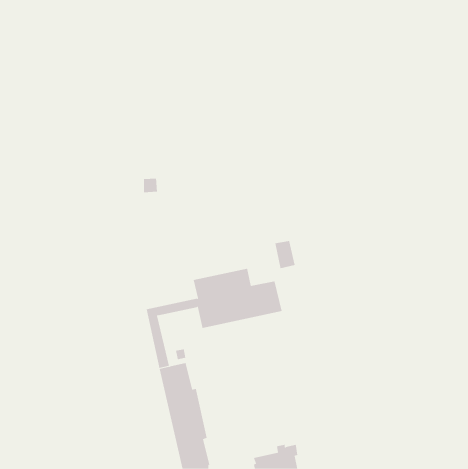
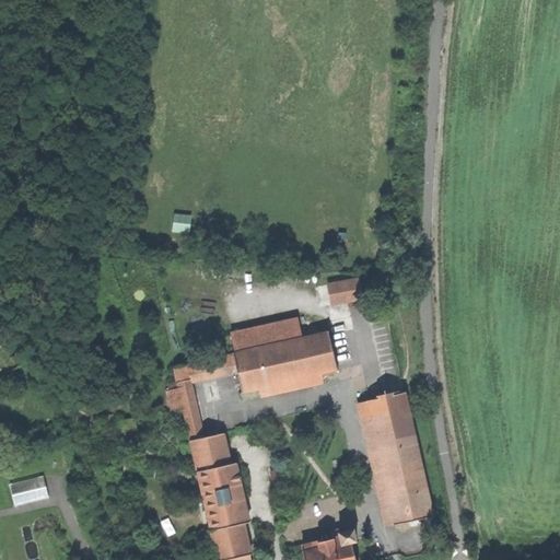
building: none -> [366,392,432,525]
building: none -> [9,476,48,502]

